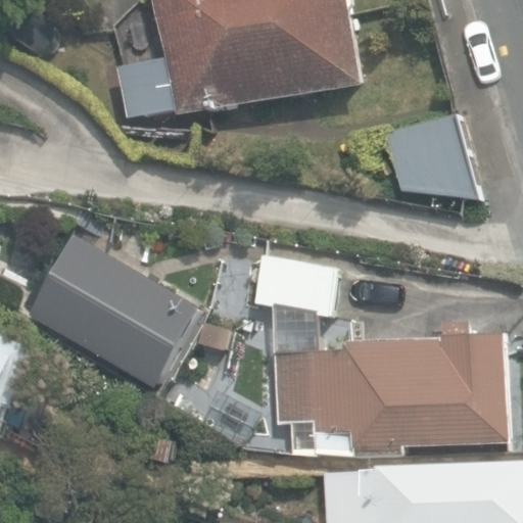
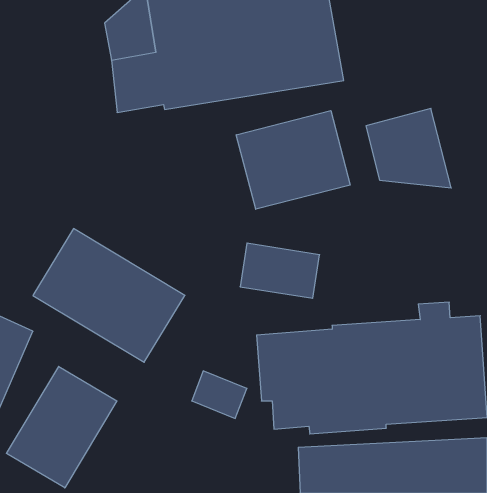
building: none -> [236,111,350,209]
building: none -> [6,366,117,488]

